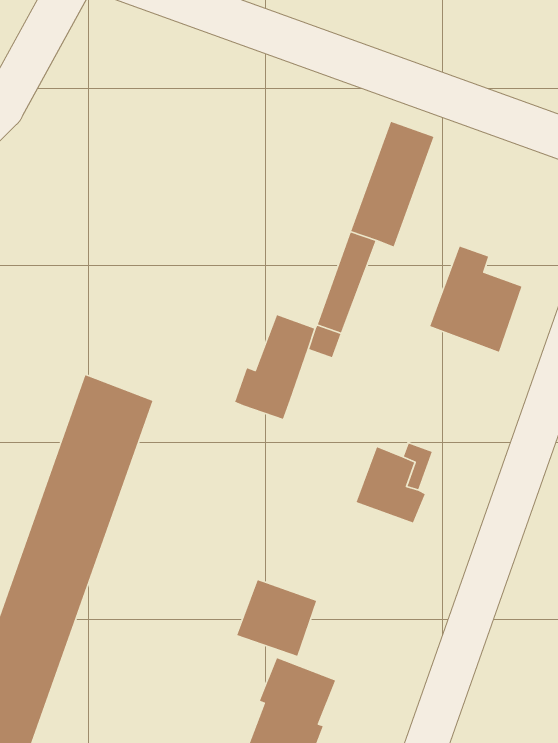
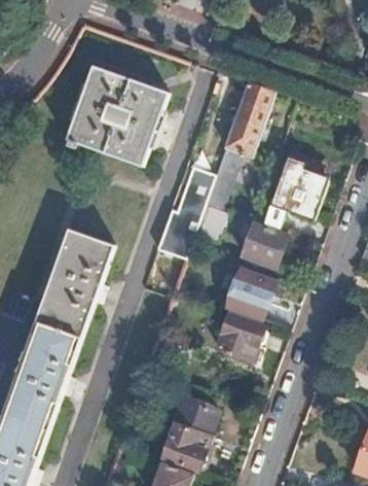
building: none -> [66,66,167,166]
building: none -> [244,223,287,268]
building: [236,579,317,657] -> [216,316,263,361]

